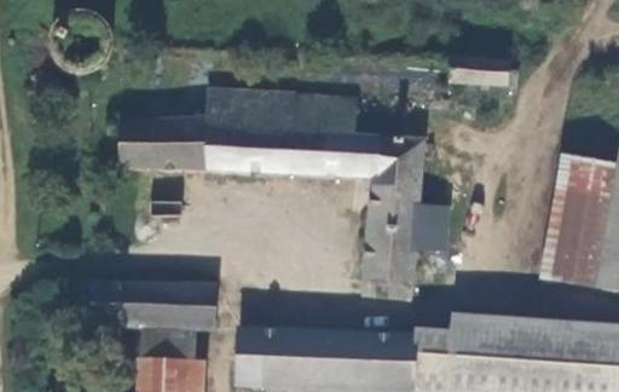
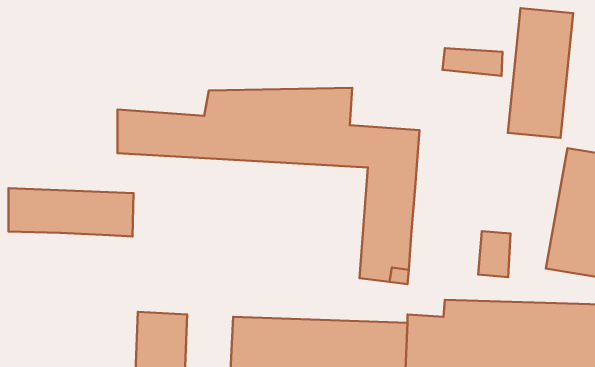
building: none -> [508,8,573,138]
building: [417,203,450,249] -> [478,231,511,277]
building: [91,279,216,328] -> [8,188,134,236]

